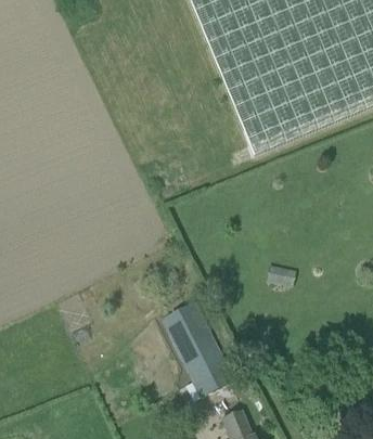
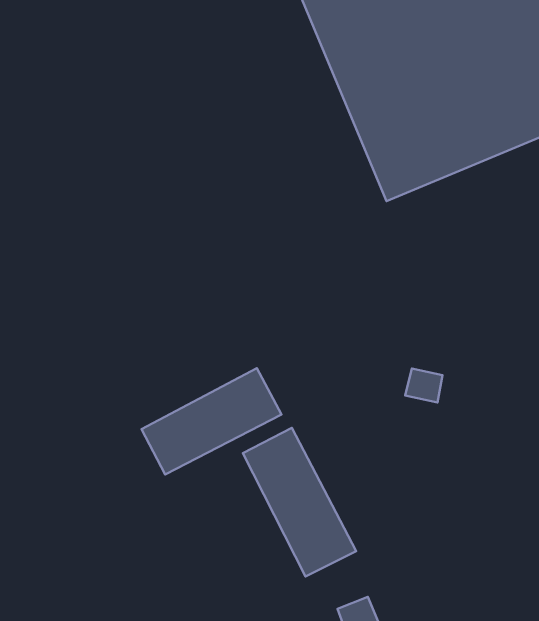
building: none -> [142,368,282,474]

